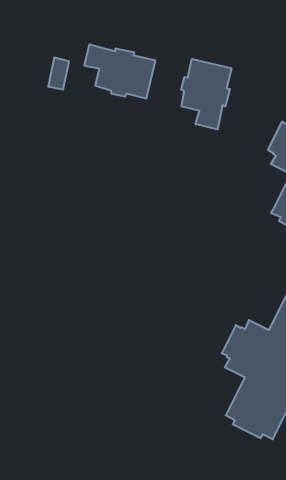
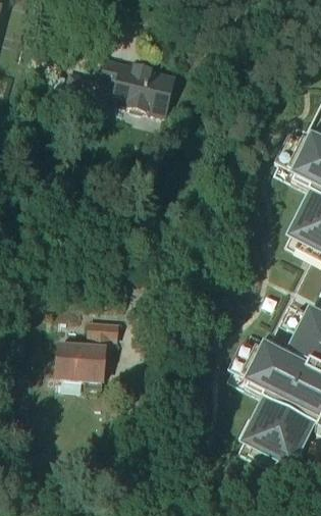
building: [181,59,232,129] -> none
building: none -> [56,319,116,385]

